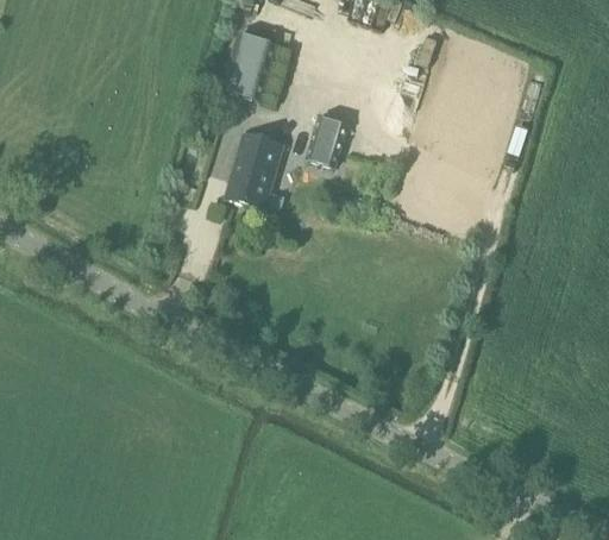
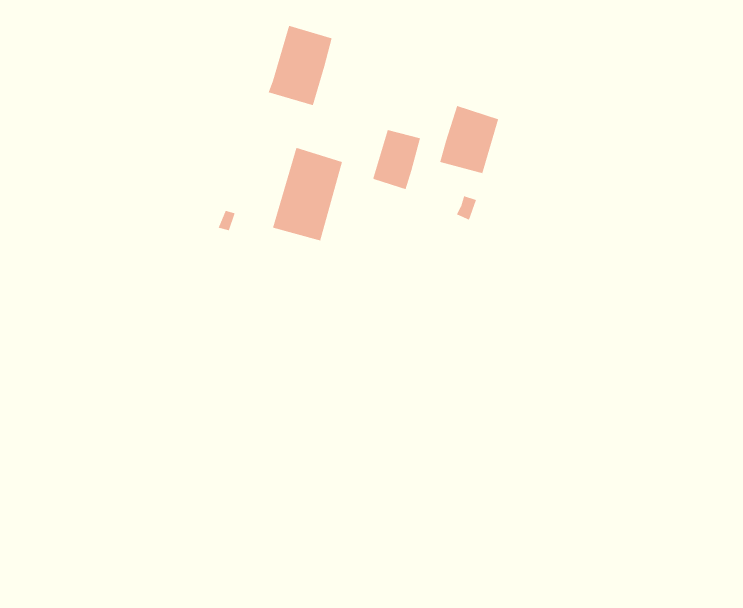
building: none -> [440,105,499,175]

